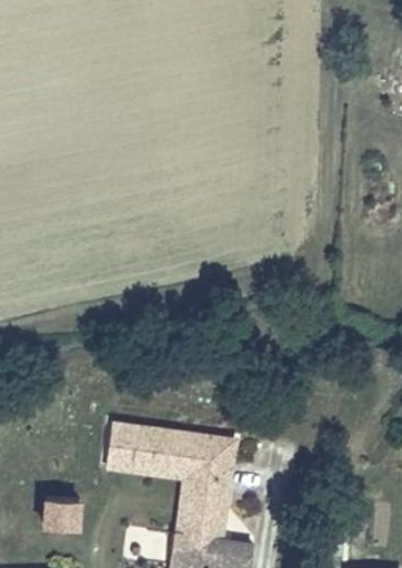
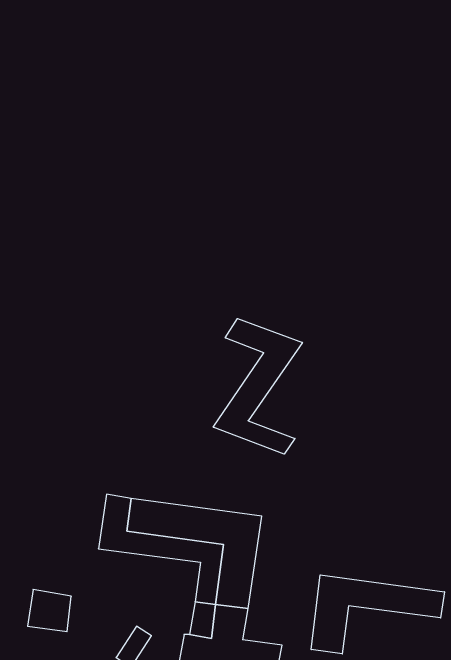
building: none -> [213,319,302,454]
building: none -> [311,575,444,654]

